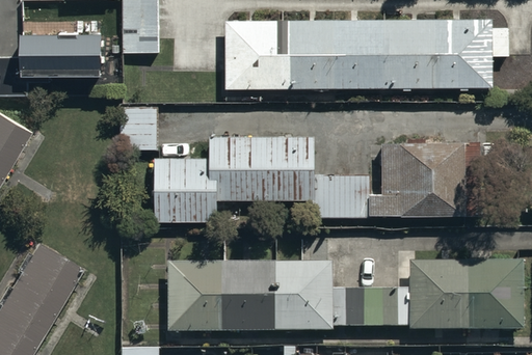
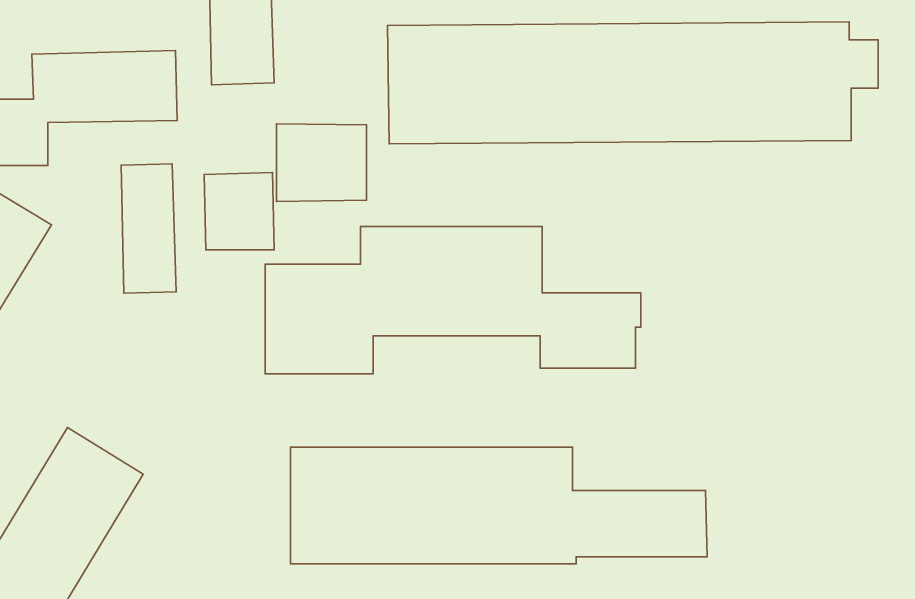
building: none -> [277,124,366,202]
building: none -> [121,164,176,293]
building: [368,141,480,212] -> none
building: [408,261,523,329] -> none

